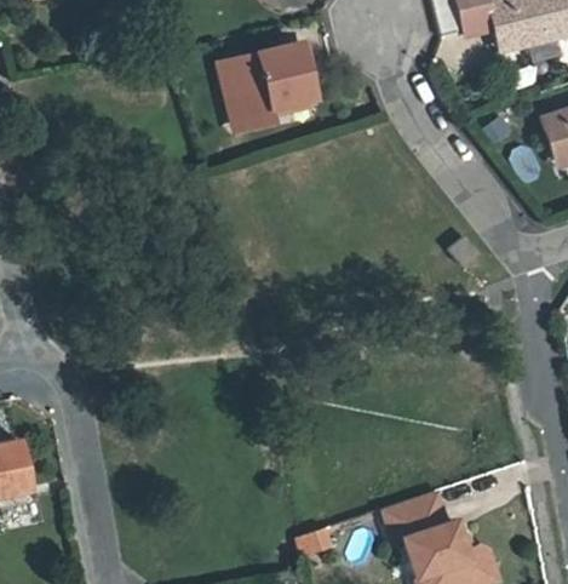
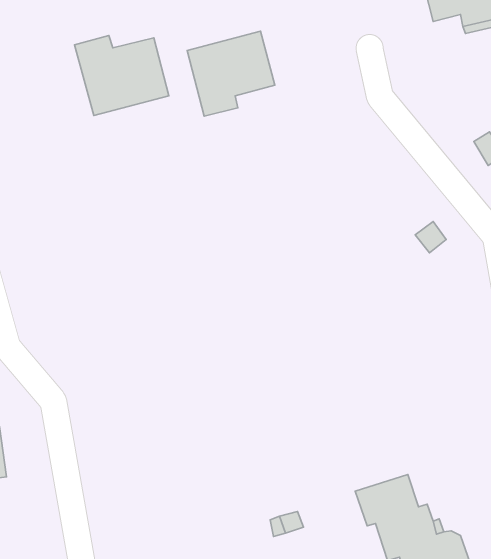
building: none -> [75,35,169,116]

